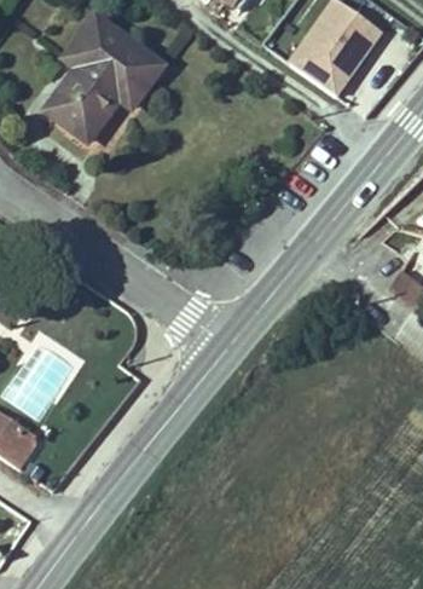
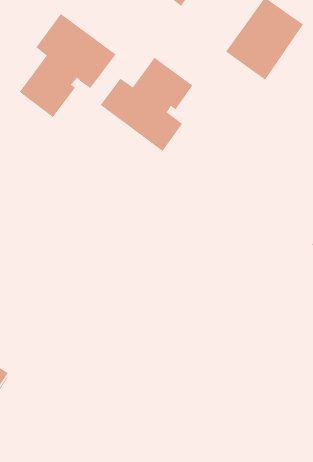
building: none -> [100,57,193,152]

